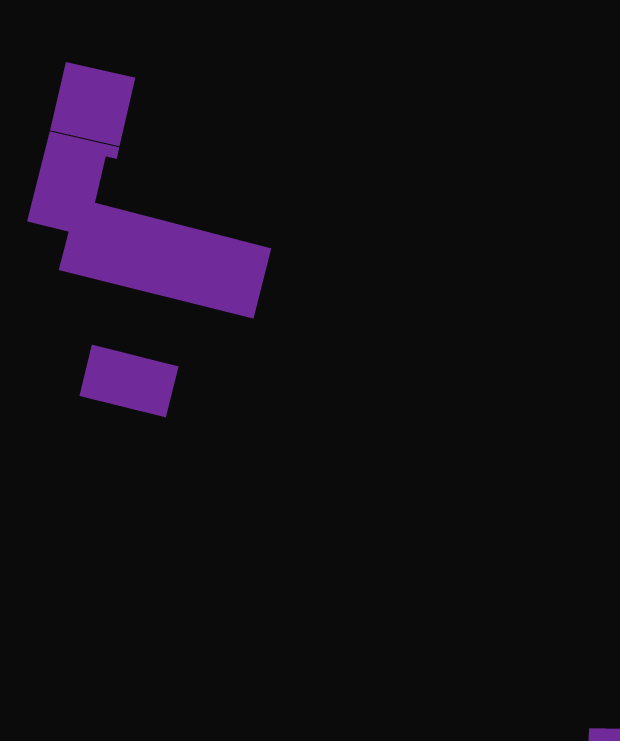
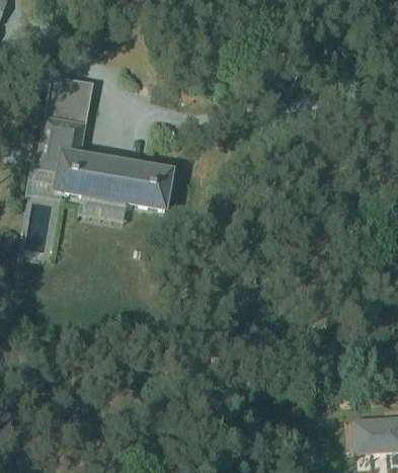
building: [79,344,179,418] -> none

